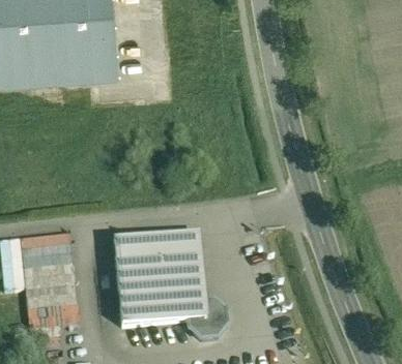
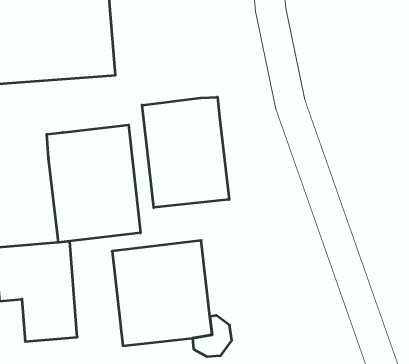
building: none -> [142,97,229,208]
building: none -> [47,125,140,242]

